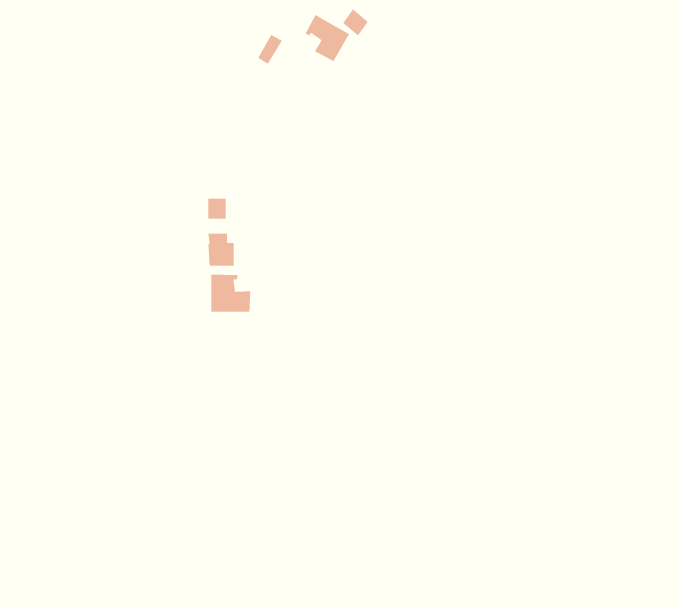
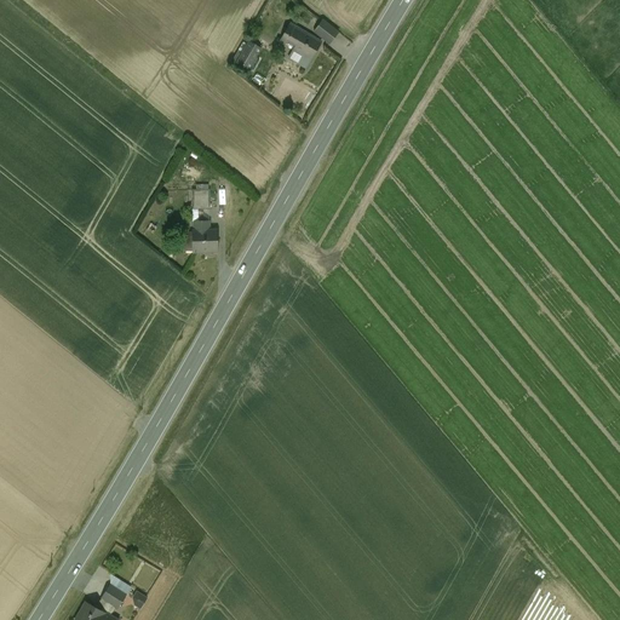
building: [210,274,251,313] -> none

